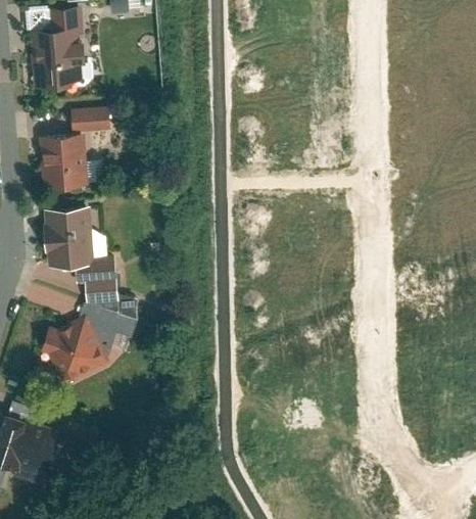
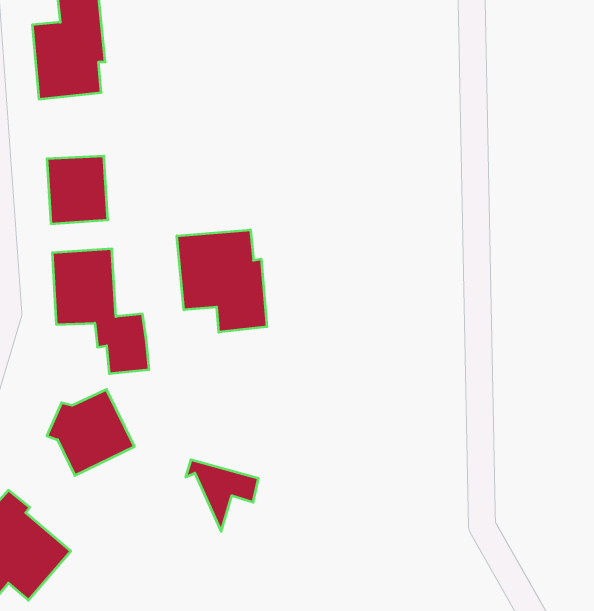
building: [73,110,113,136] -> none
building: none -> [177,230,267,332]
building: [81,305,137,361] -> [186,460,258,531]

